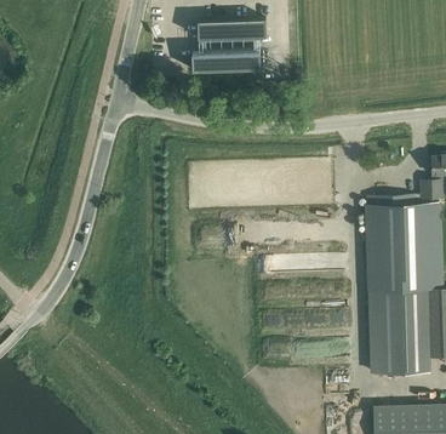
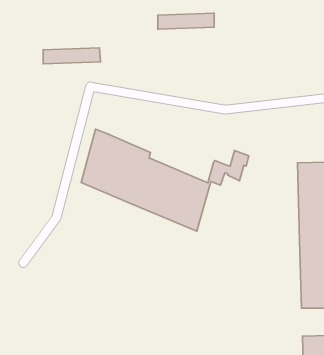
building: [193,50,262,69] -> [43,48,100,64]
building: none -> [81,129,249,231]

